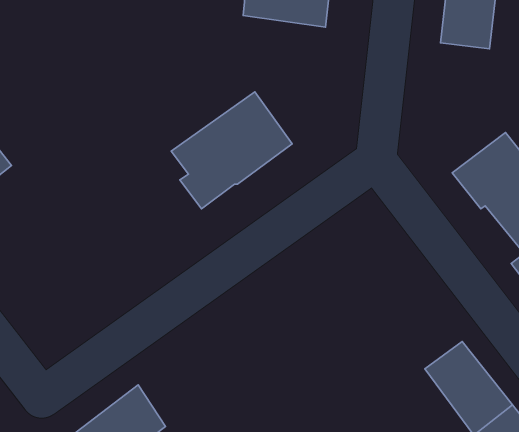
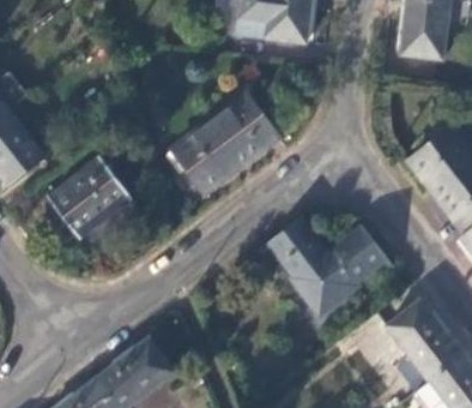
building: none -> [49,160,140,246]
building: none -> [266,223,388,318]

